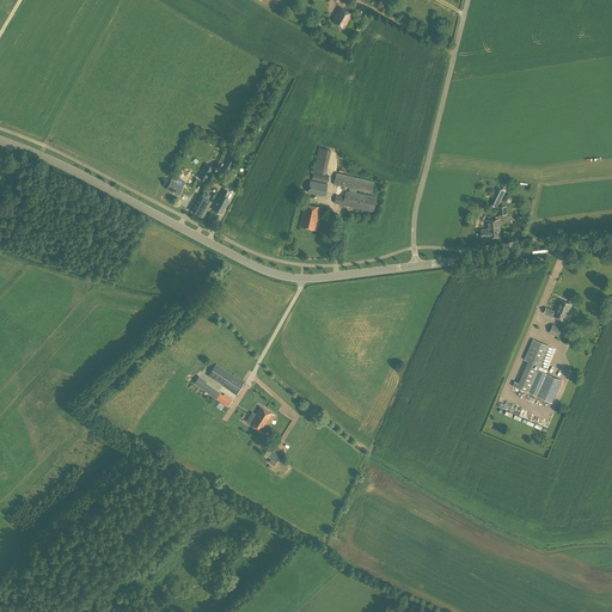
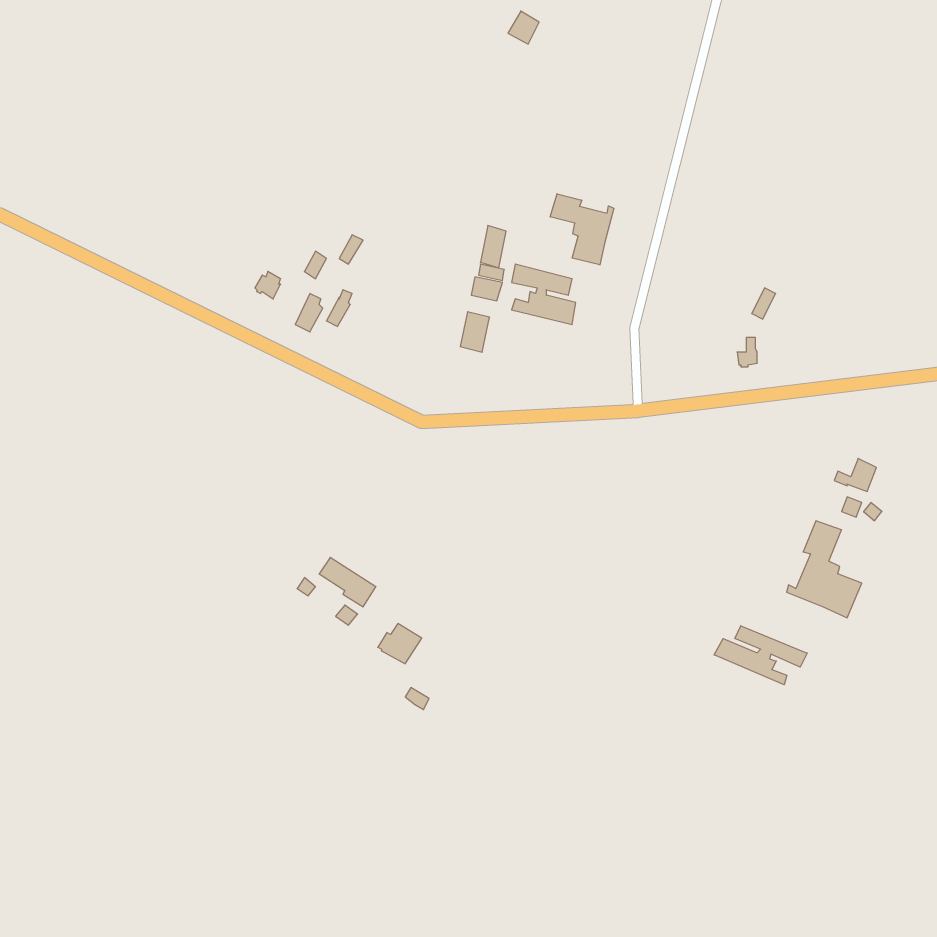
building: none -> [550,194,614,265]
building: none -> [714,626,807,685]

